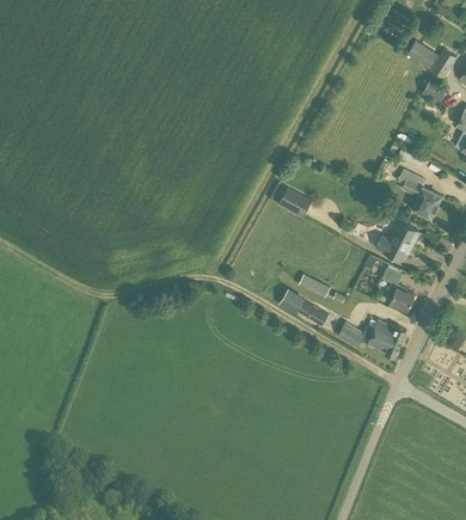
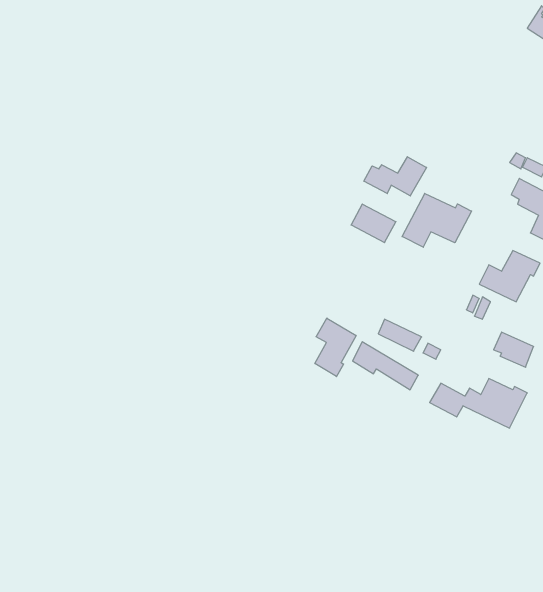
building: none -> [364,157,427,196]
building: none -> [402,193,472,247]
building: none -> [315,318,356,377]

